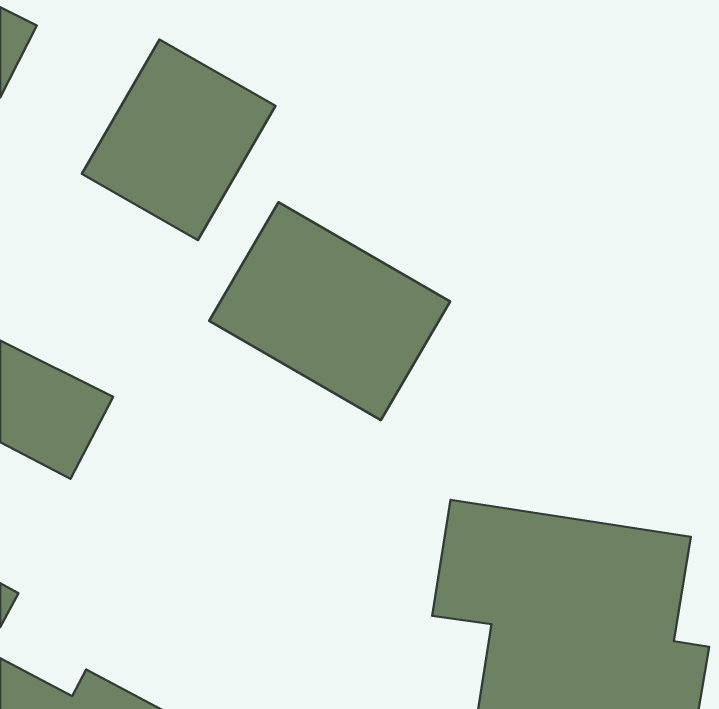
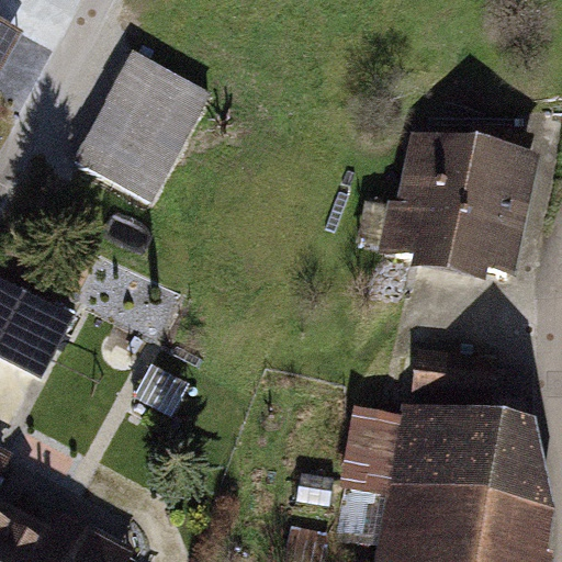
building: none -> [396,131,530,282]
building: [209,202,450,420] -> none

